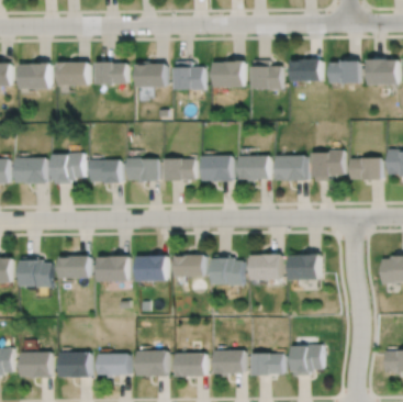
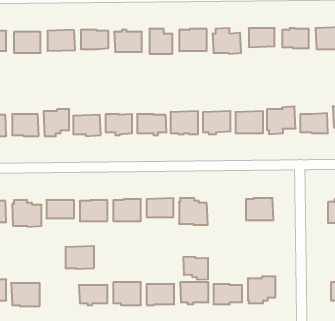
building: [248,255,280,280] -> none
building: none -> [183,257,208,280]
building: [56,353,89,379] -> [65,246,94,269]

